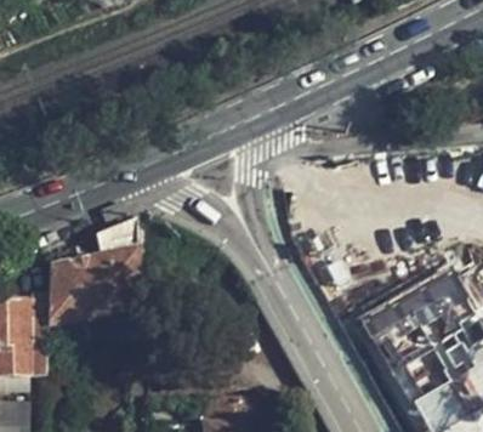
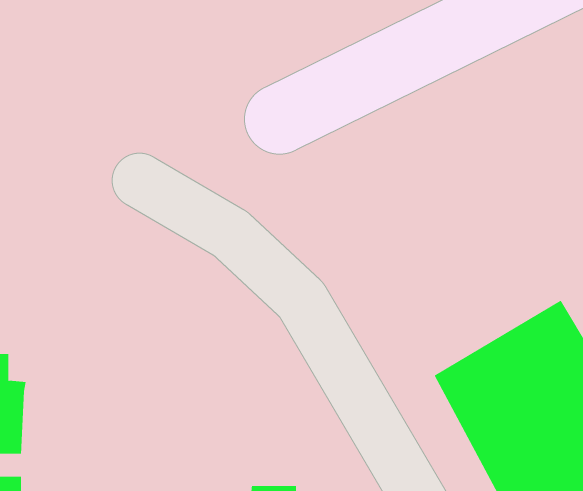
building: [41,231,130,337] -> none

